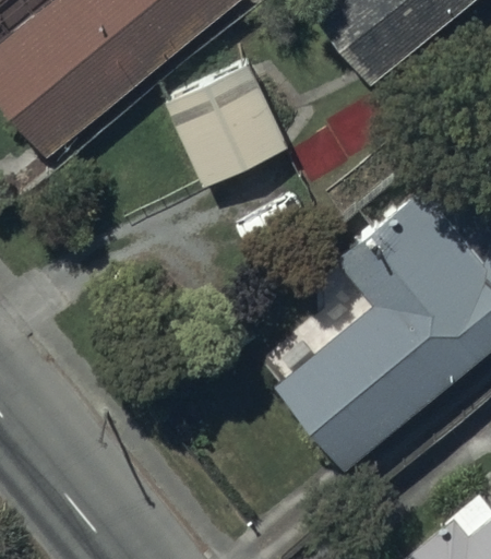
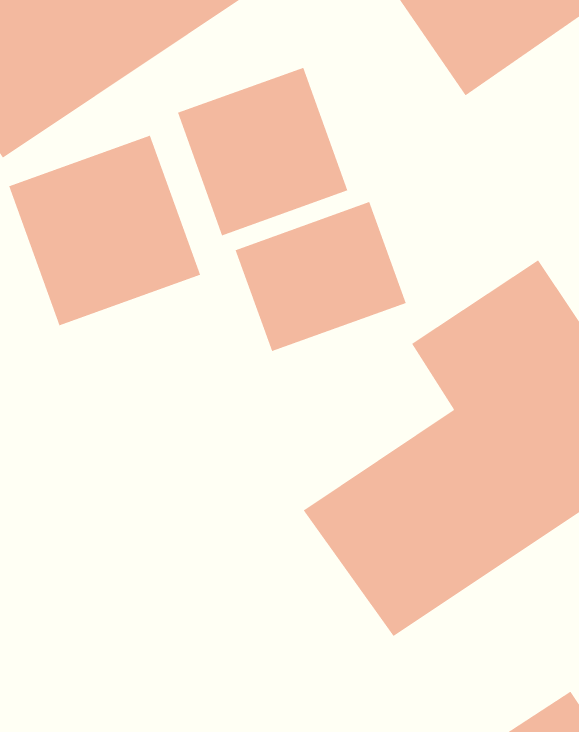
building: none -> [9,135,201,326]
building: none -> [235,201,406,352]

